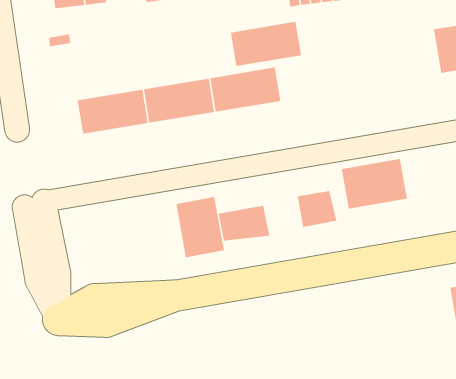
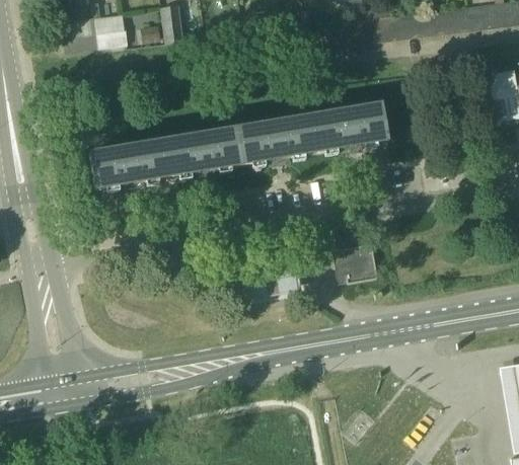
building: [230,21,302,66] -> [309,101,388,151]
building: [341,158,408,210] -> none
building: [176,196,224,258] -> none

